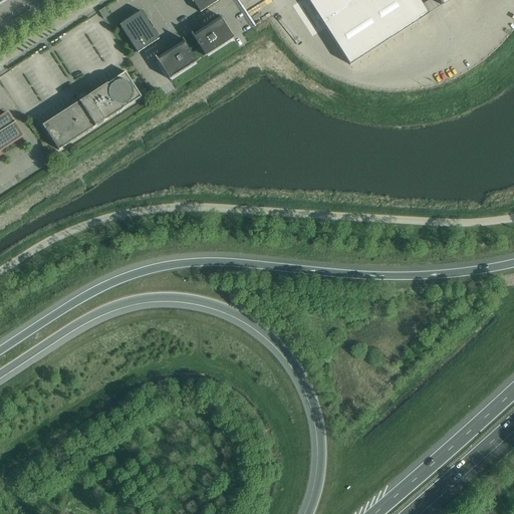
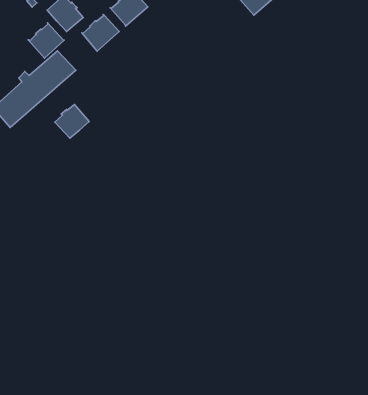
building: none -> [28,23,64,58]
building: none -> [55,105,89,138]

